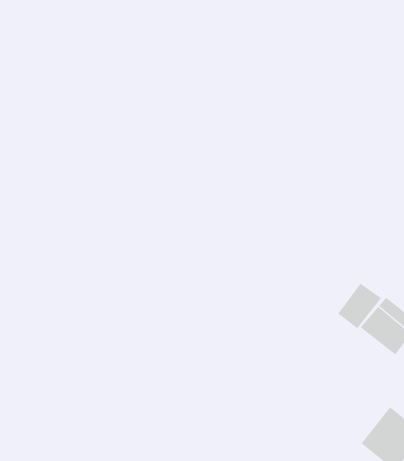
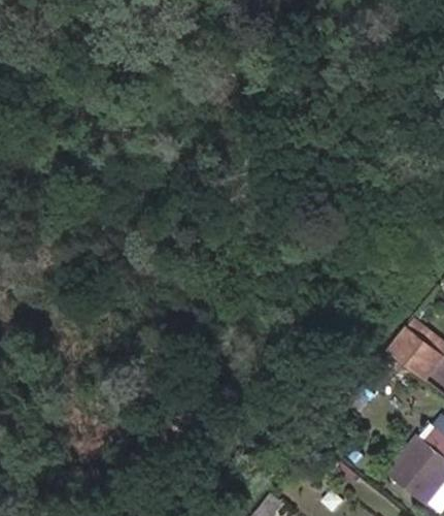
building: [338,283,382,329] -> none

